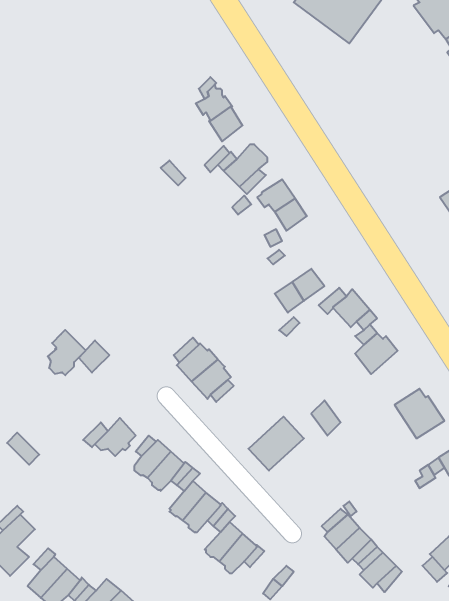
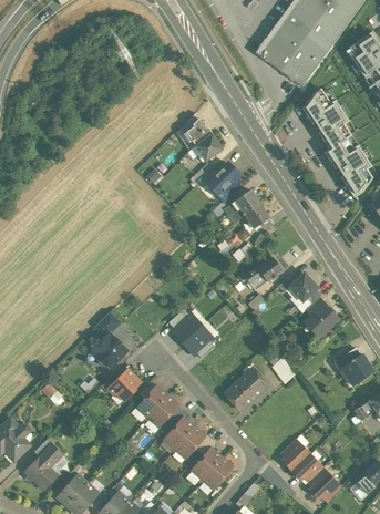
building: none -> [302,88,372,197]
building: [48,330,86,375] -> [96,332,125,367]

